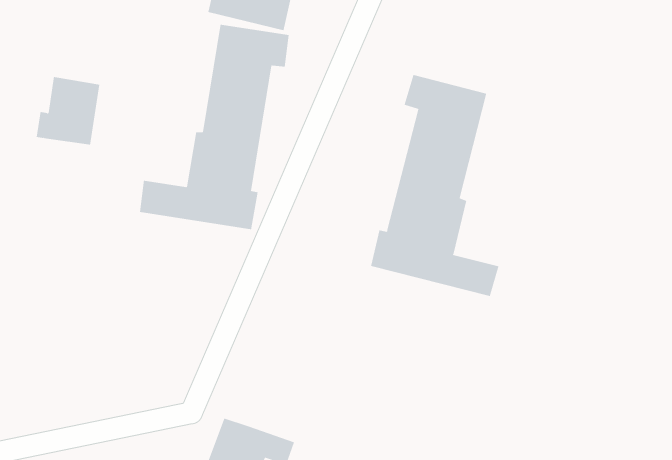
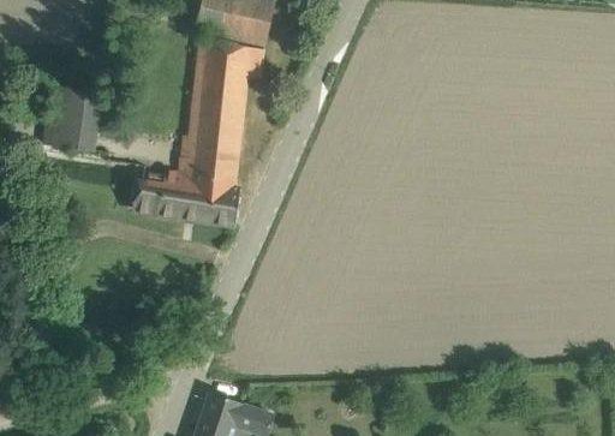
building: [371,74,499,297] -> none

